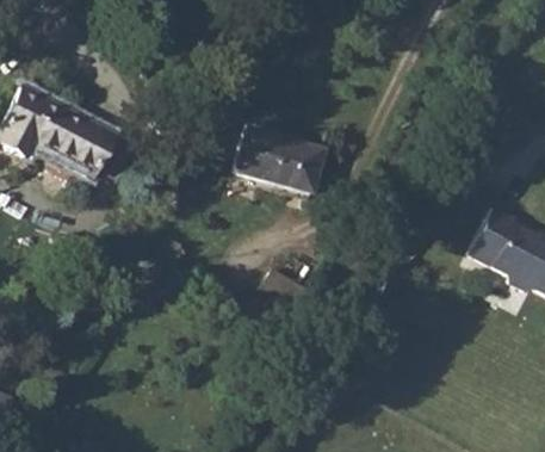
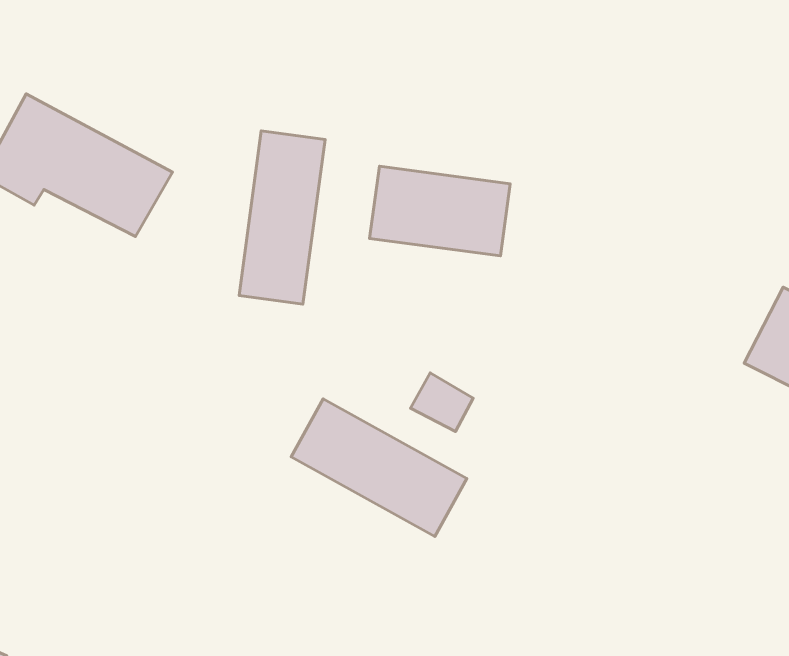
building: none -> [239,131,325,304]
building: none -> [291,399,467,536]

